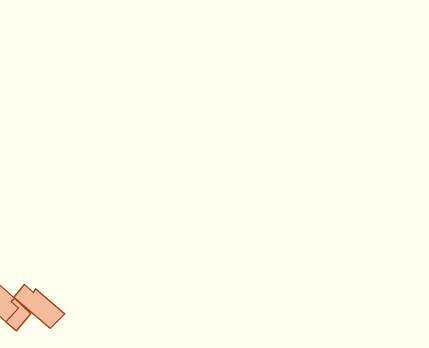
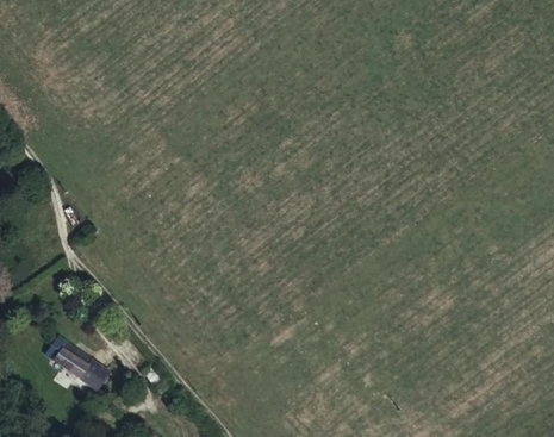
building: [14,284,65,328] -> none

